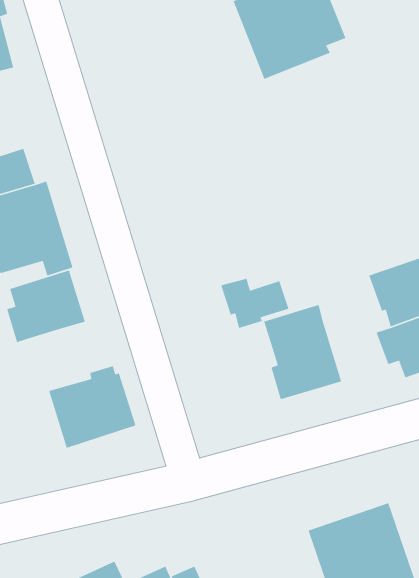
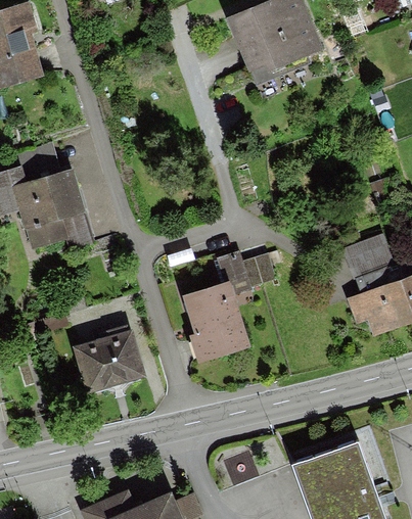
building: [6,269,86,343] -> none
building: [263,304,342,400] -> [182,282,248,363]

